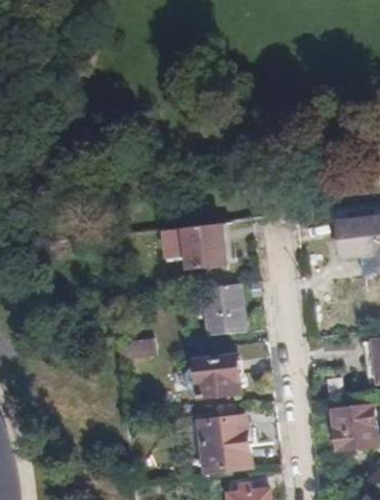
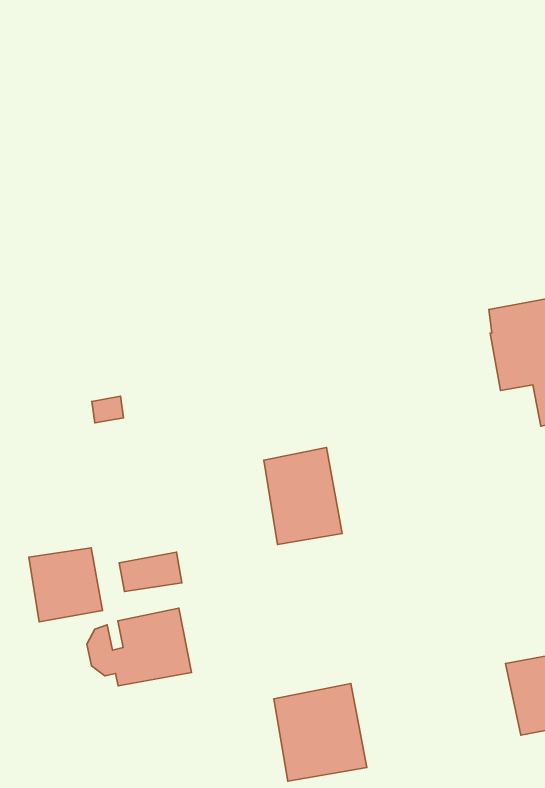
building: [167,221,227,269] -> none
building: none -> [29,548,103,622]
building: [183,355,242,397] -> [87,608,192,686]

